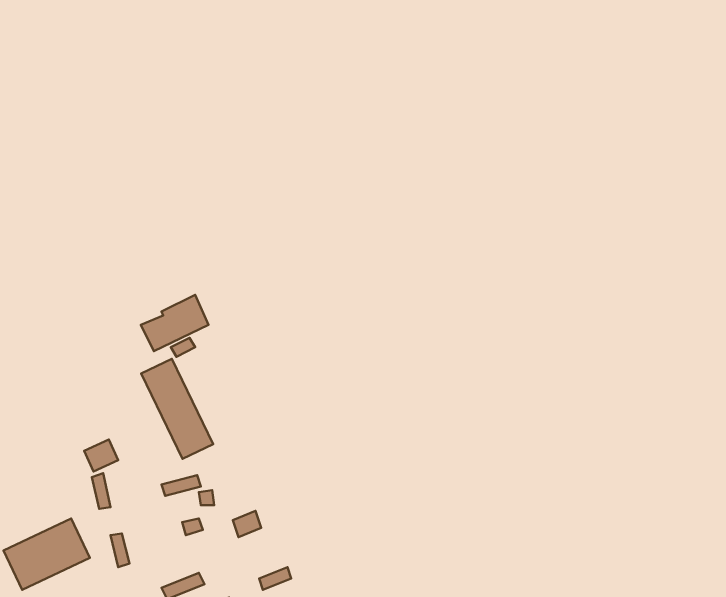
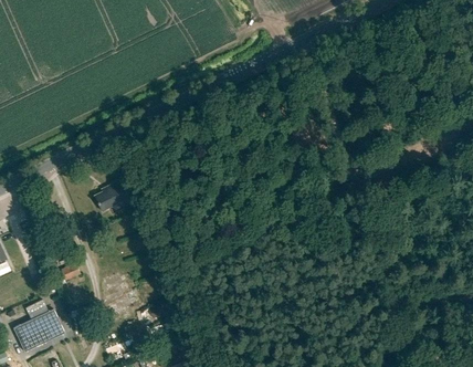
building: [141,359,213,459] -> none

